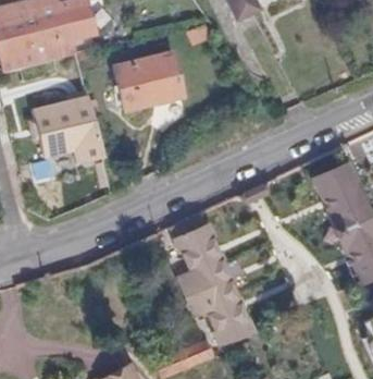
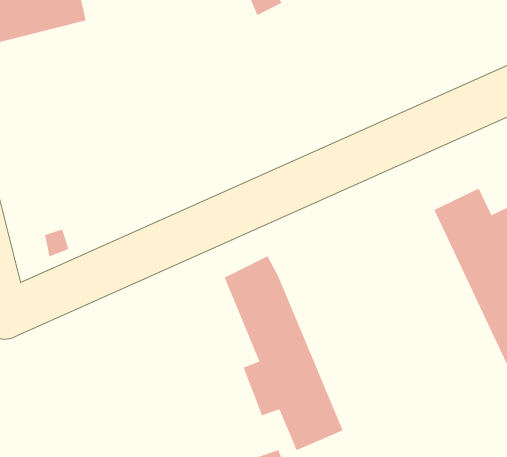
building: [112,51,179,109] -> none
building: [30,93,102,160] -> none

